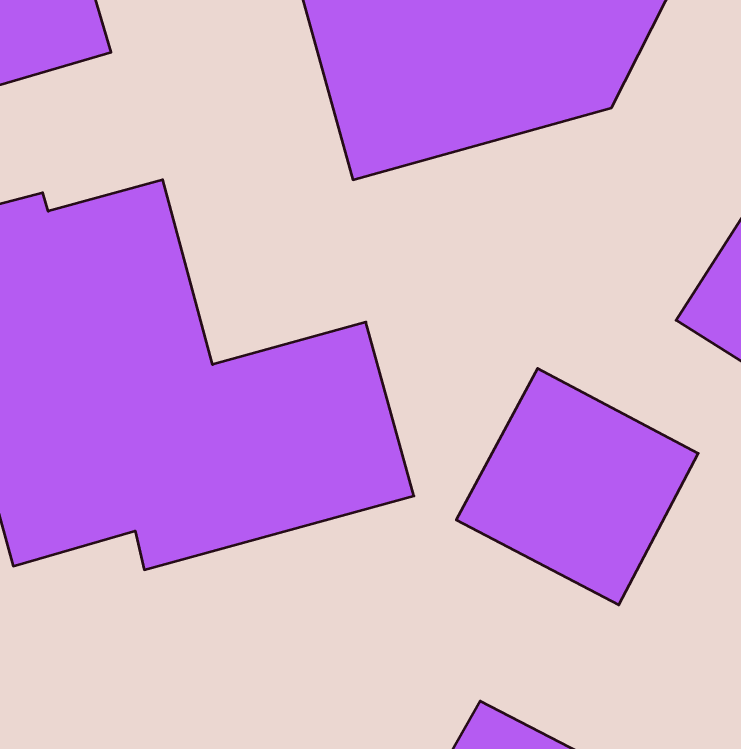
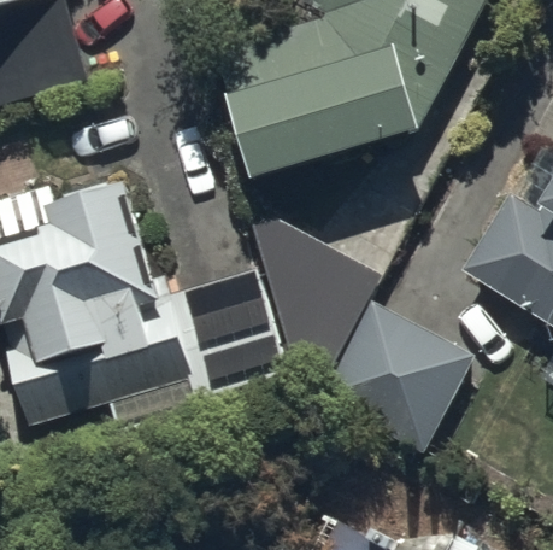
building: none -> [253,207,378,408]

